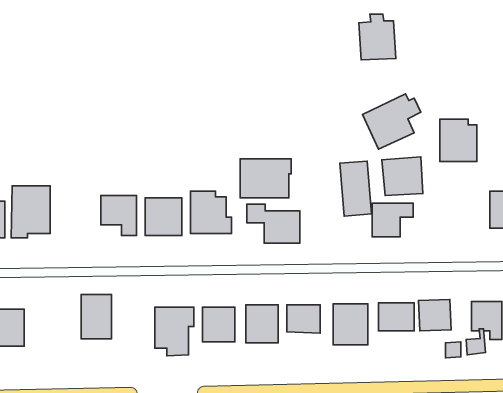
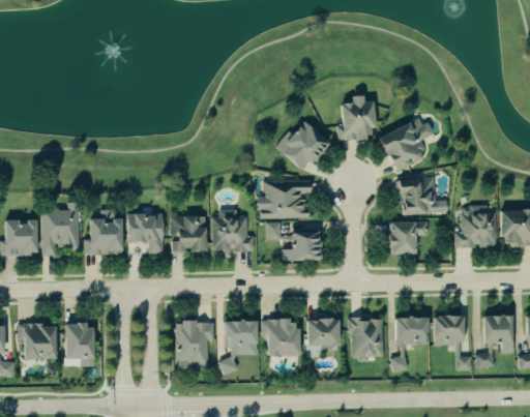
building: [359,14,396,60] -> [340,95,375,139]
building: none -> [277,120,330,172]
building: [440,119,477,161] -> [461,206,496,246]
building: [340,161,372,216] -> none
building: none -> [88,210,120,255]
building: [81,295,111,339] -> [65,323,94,365]

